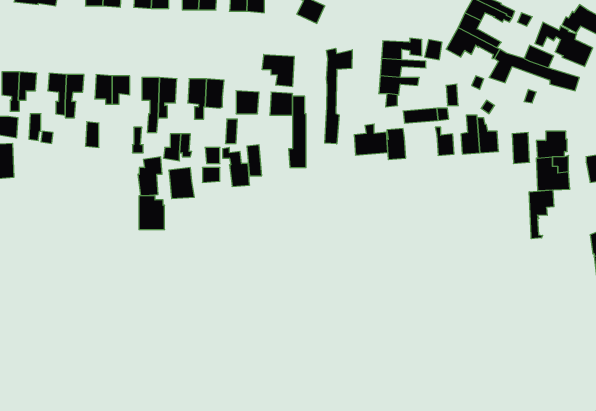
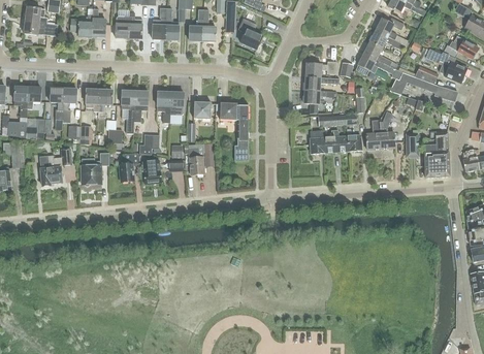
building: [325,48,352,144] -> none
building: [262,54,294,87] -> none
building: [354,124,388,155] -> [323,129,349,153]
building: none -> [39,148,71,186]
building: [529,190,554,239] -> none
building: [139,196,165,230] -> [82,158,101,184]

